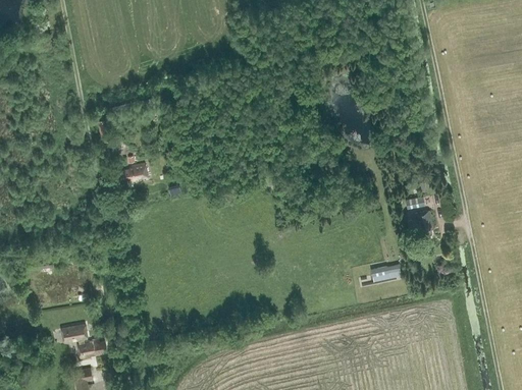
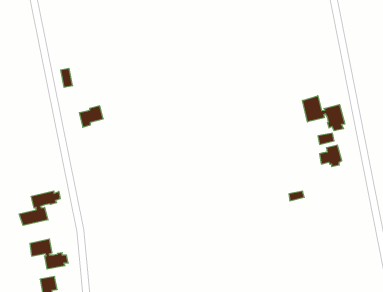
building: none -> [303,96,345,131]
building: none -> [19,191,60,225]

